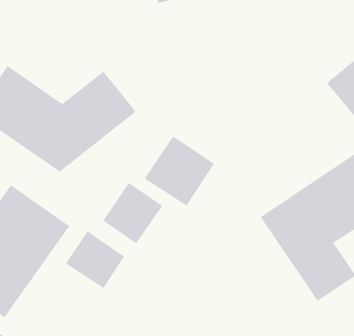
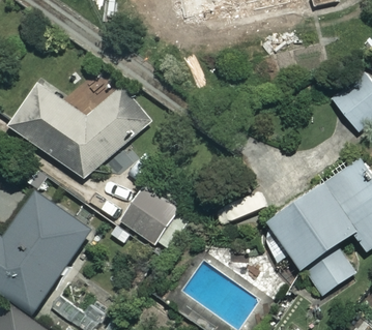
building: [144,135,215,206] -> none
building: [65,231,125,289] -> none

